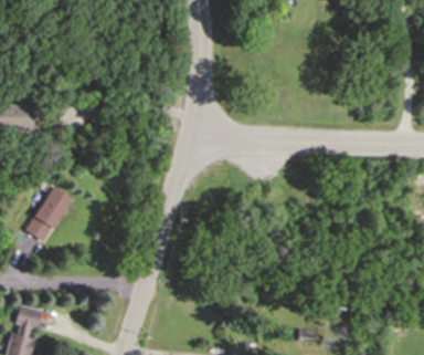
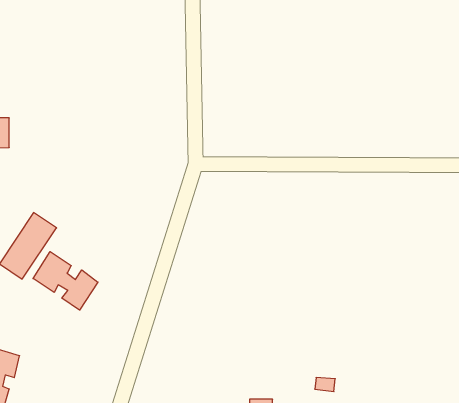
building: none -> [33,252,98,310]

